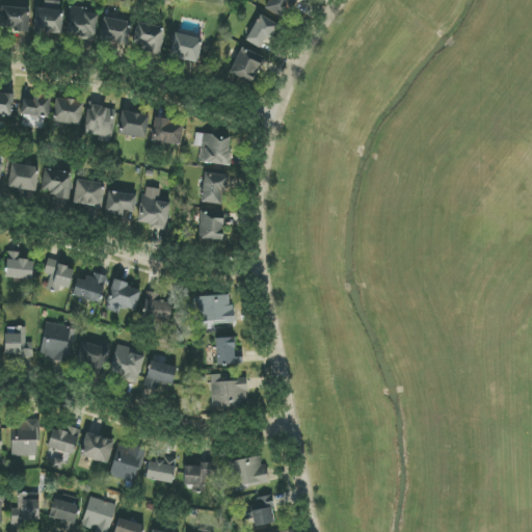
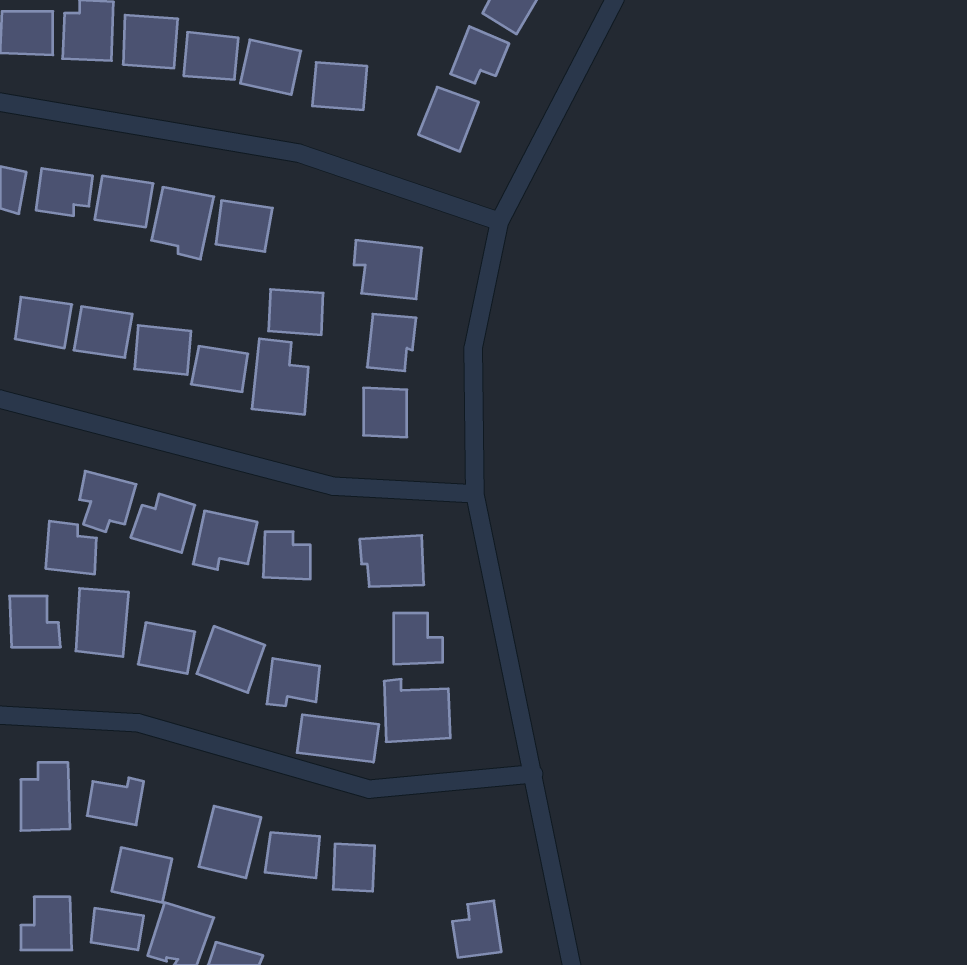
building: [153,118,183,143] -> [268,289,323,335]
building: [5,250,33,280] -> [46,521,97,574]
building: none -> [297,715,379,762]
building: [80,432,113,462] -> [112,848,172,902]
building: [230,455,269,488] -> none

